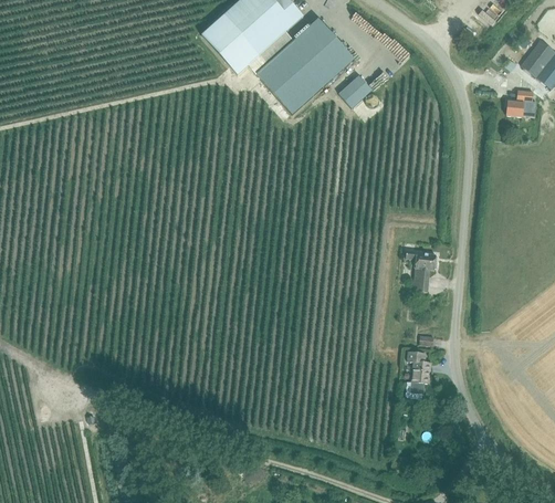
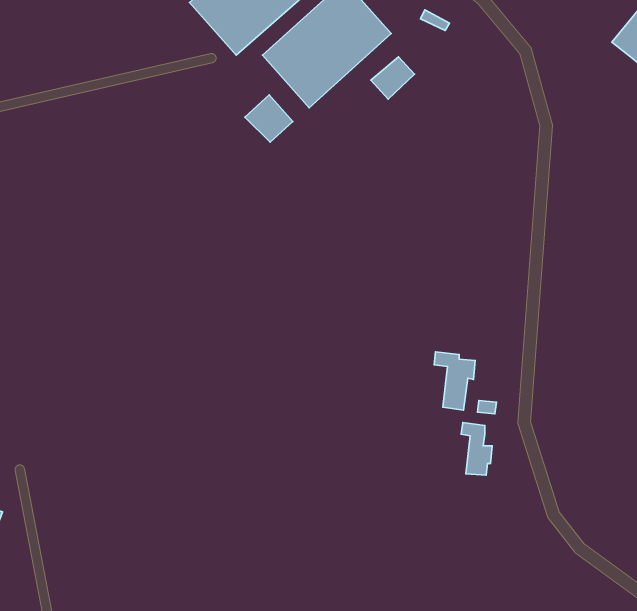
building: [505,88,535,116] -> none
building: none -> [245,95,293,142]
building: [406,248,437,292] -> [434,352,475,410]

